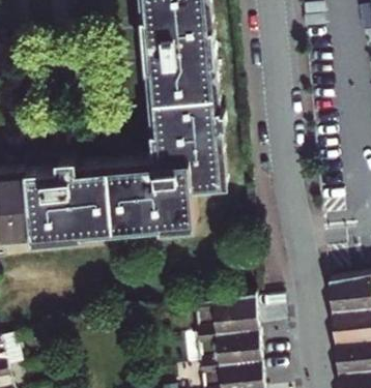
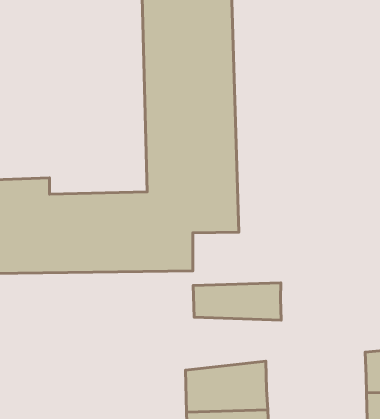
building: none -> [193,283,281,320]

